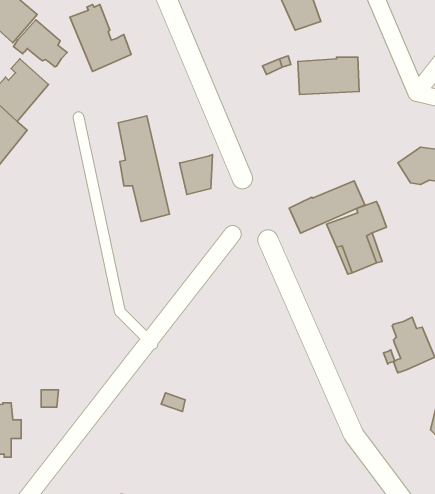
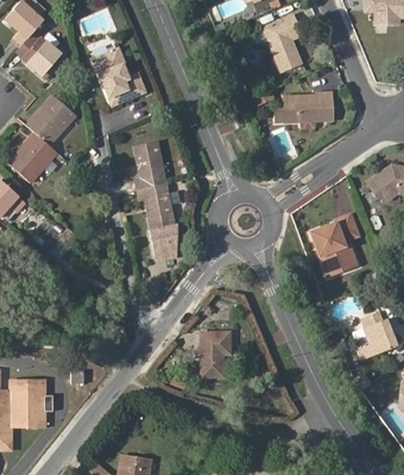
building: [13,20,67,67] -> none
building: [180,154,212,194] -> [151,221,178,255]
building: [289,181,365,233] -> none
building: none -> [200,333,232,380]

